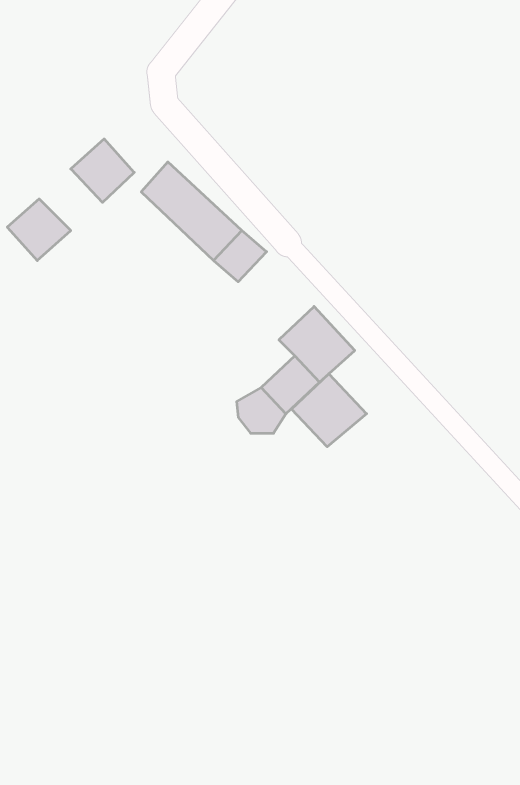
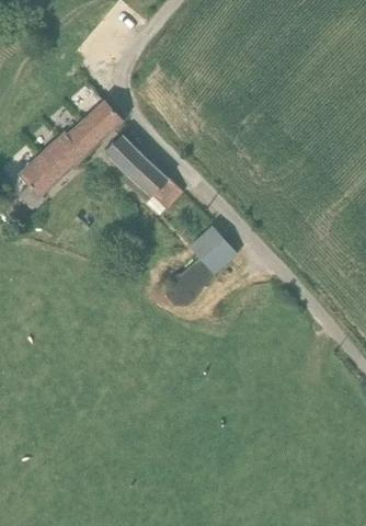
building: none -> [81,100,122,140]
building: none -> [41,138,80,176]
building: [291,374,367,447] -> none

